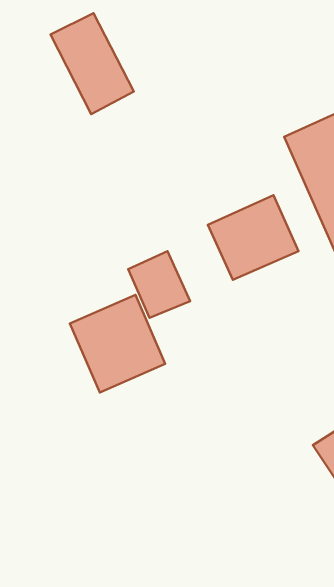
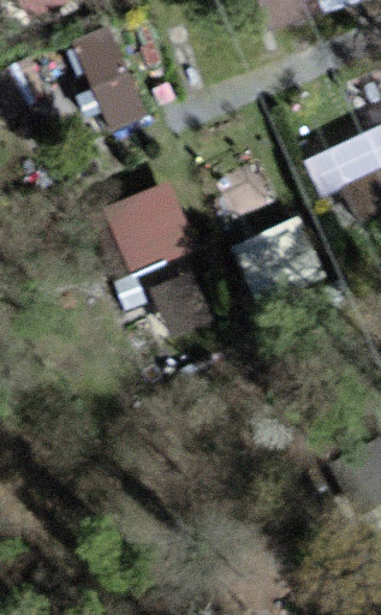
building: [70,295,165,392] -> [102,178,198,276]

